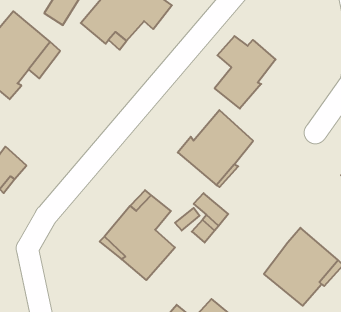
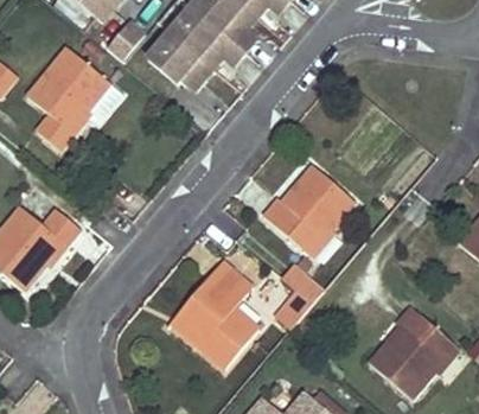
building: [215,36,276,109] -> none

